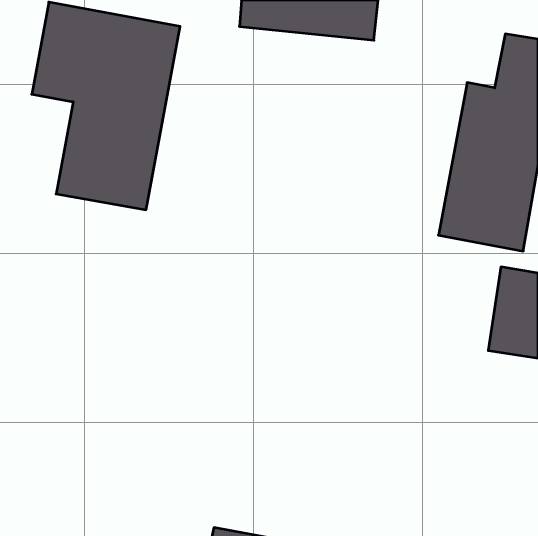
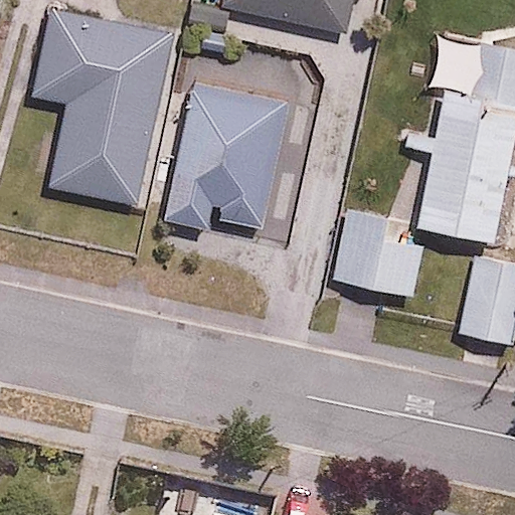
building: none -> [164,80,288,227]
building: none -> [337,219,422,293]

